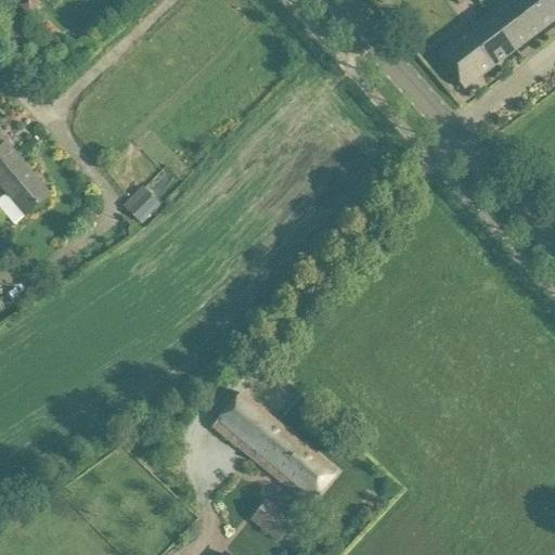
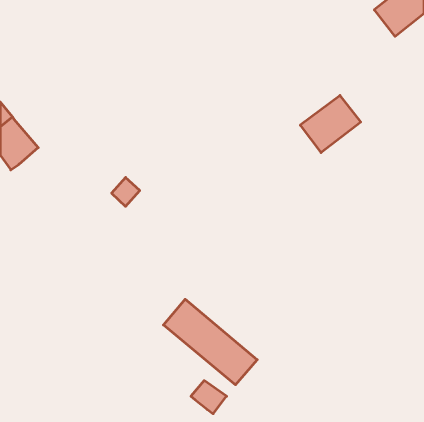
building: [437,13,516,88] -> [300,95,361,153]
building: [124,184,160,222] -> [112,177,140,206]

